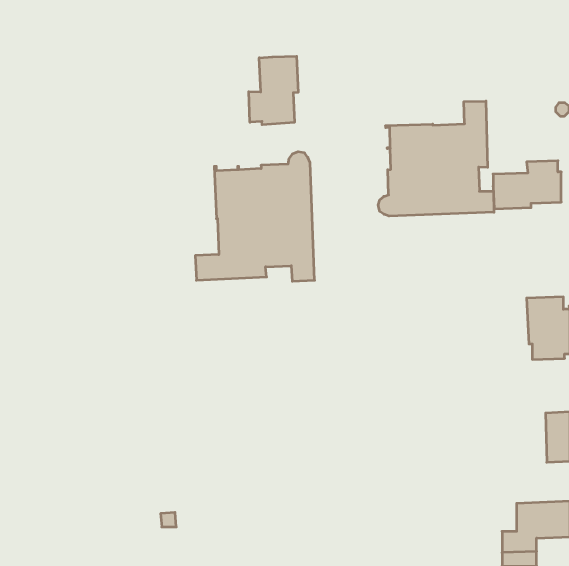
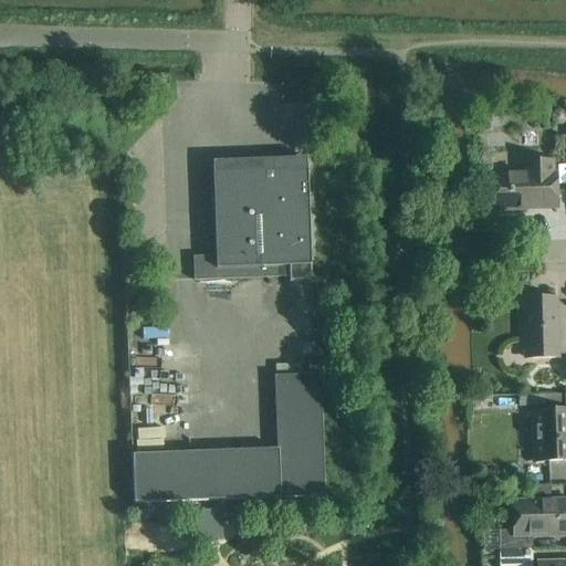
building: [249,56,298,125] -> none
building: [378,101,494,216] -> none
building: none -> [134,371,326,500]

